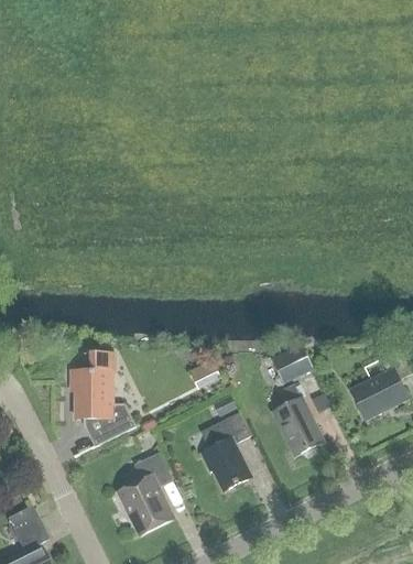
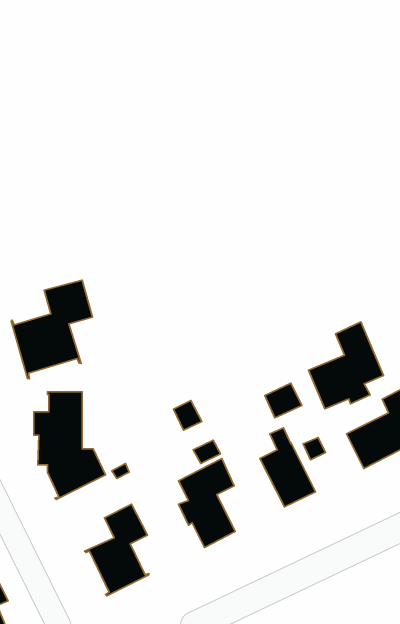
building: none -> [11,280,93,379]
building: none -> [309,322,384,409]

